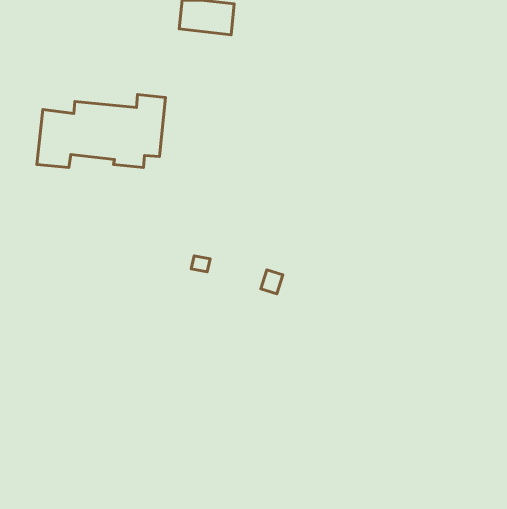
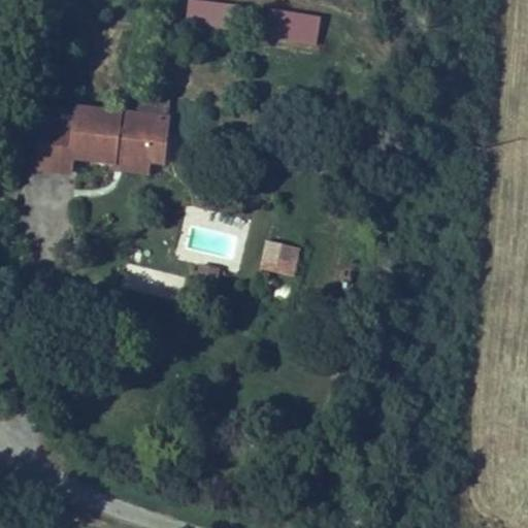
building: none -> [267,9,320,48]
building: none -> [256,240,301,276]

